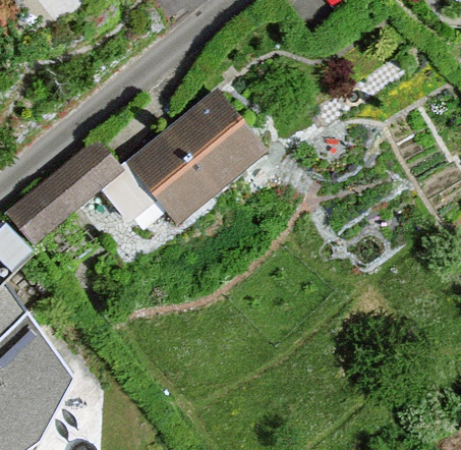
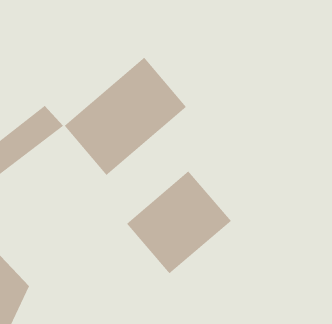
building: none -> [126,170,232,274]

